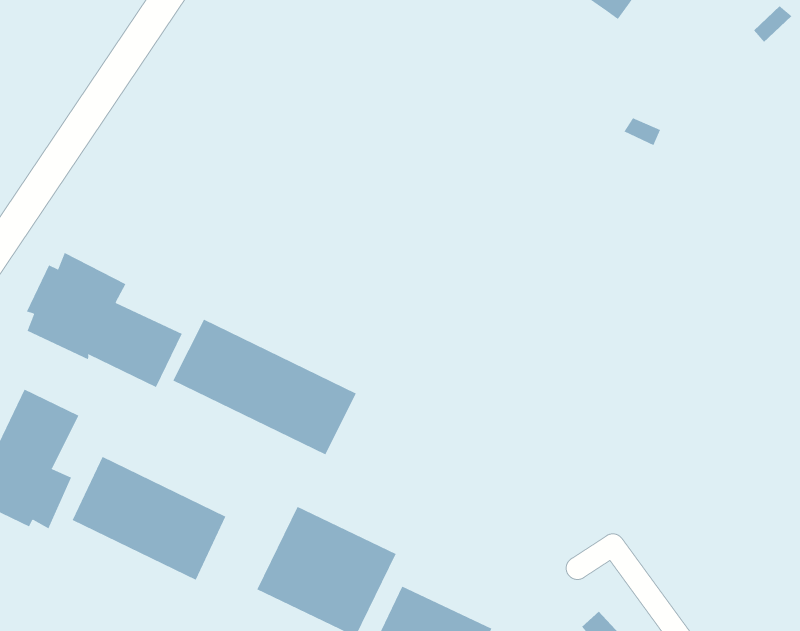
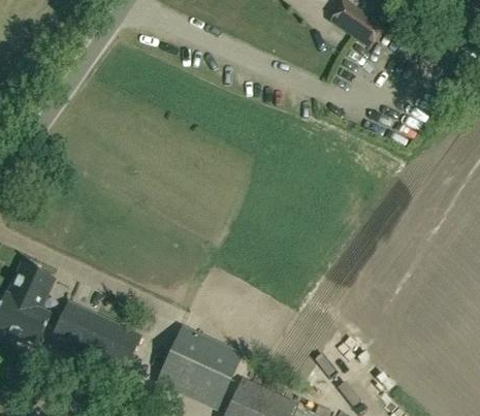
building: [26,252,182,388] -> none
building: [173,319,357,455] -> none

